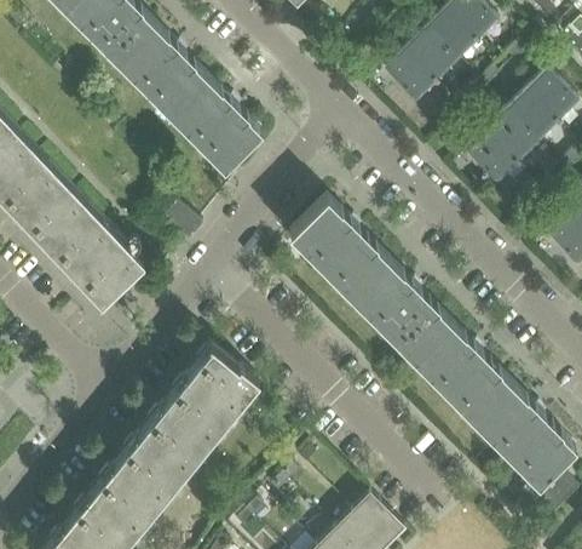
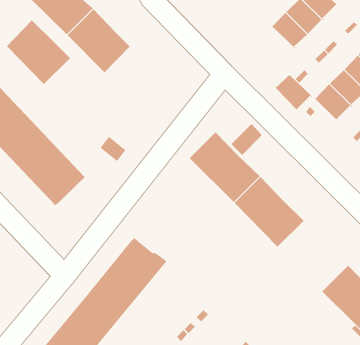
building: [384,52,437,103] -> [275,74,313,110]
building: [169,80,260,172] -> [6,19,71,85]
building: none -> [229,123,263,156]
building: [413,326,512,425] -> none

